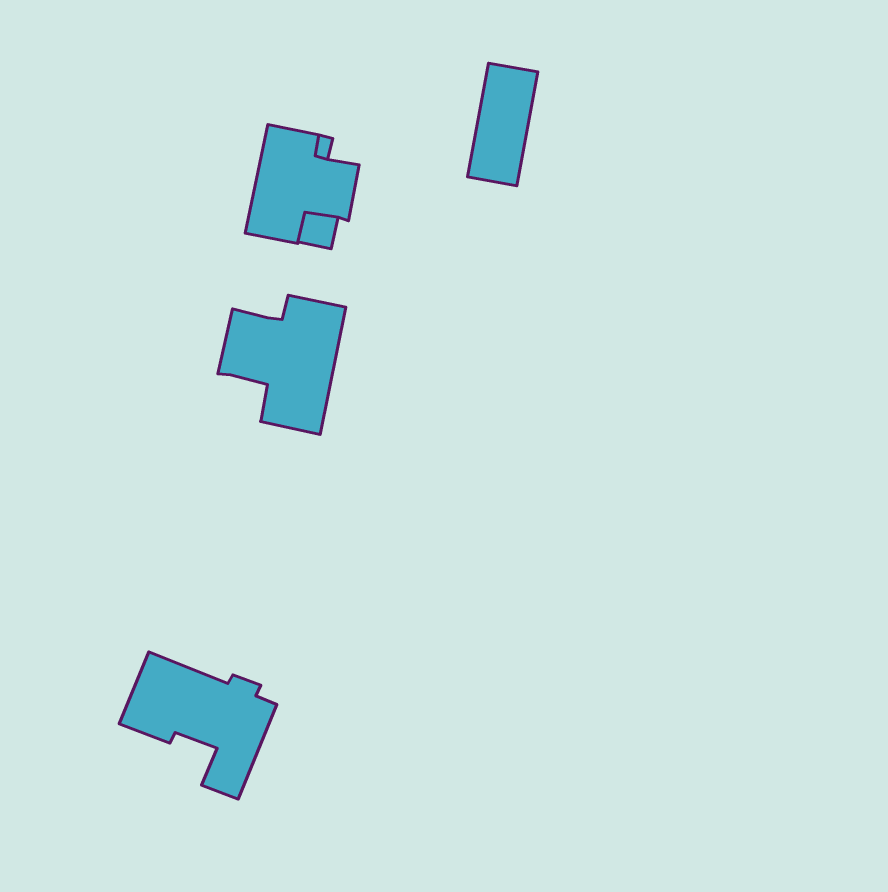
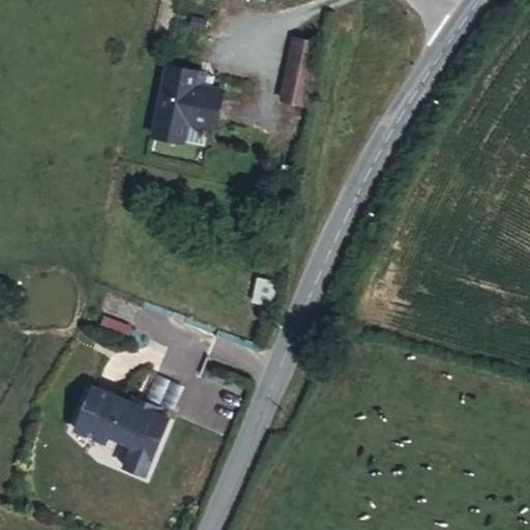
building: [218,295,346,434] -> none

